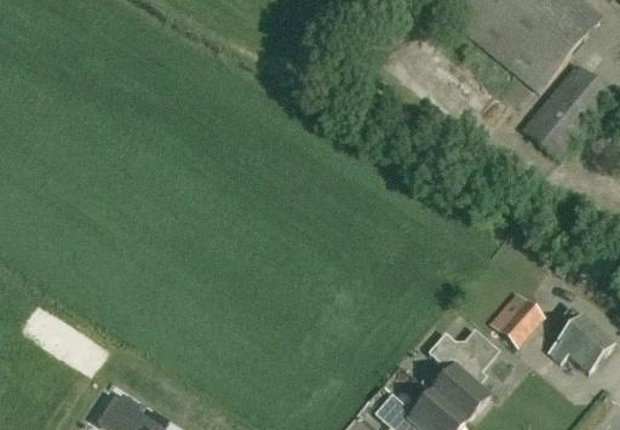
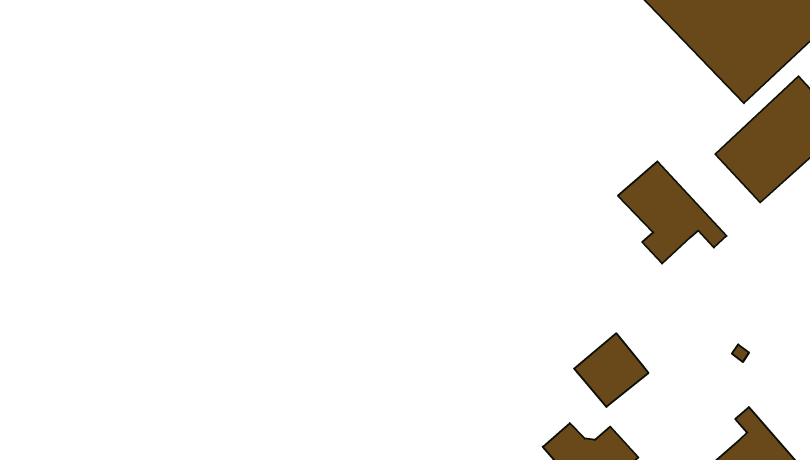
building: none -> [618,161,727,264]
building: [489,291,542,344] -> [574,333,648,407]

